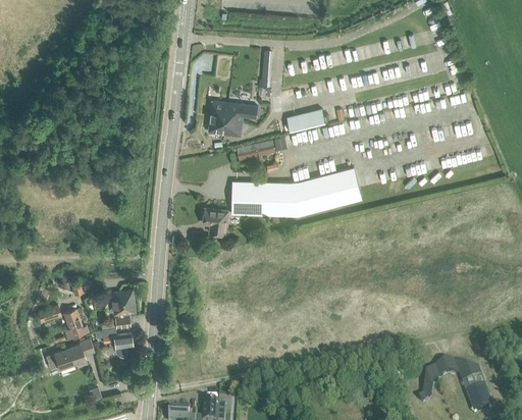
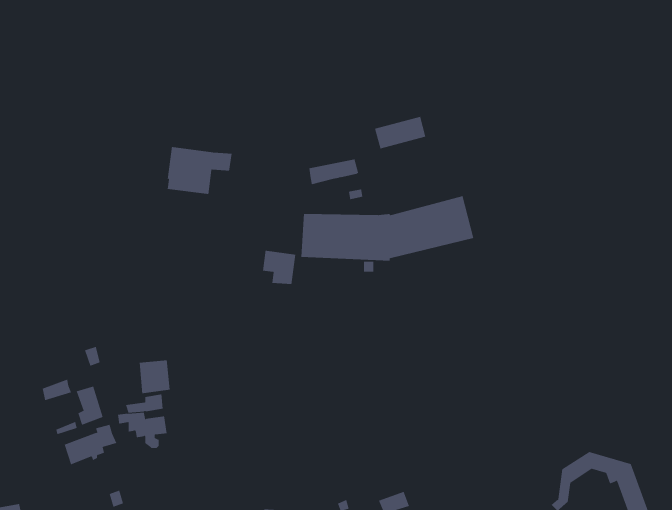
building: [209,100,258,136] -> [167,147,233,194]

